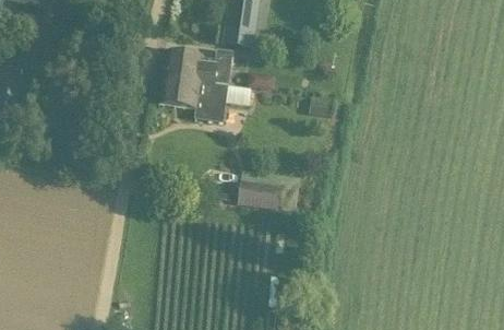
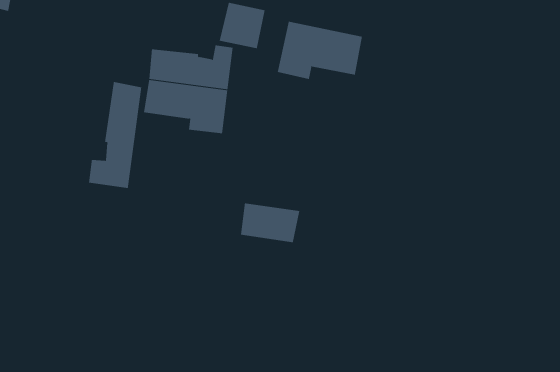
building: none -> [277,21,363,80]
building: none -> [89,81,142,189]

